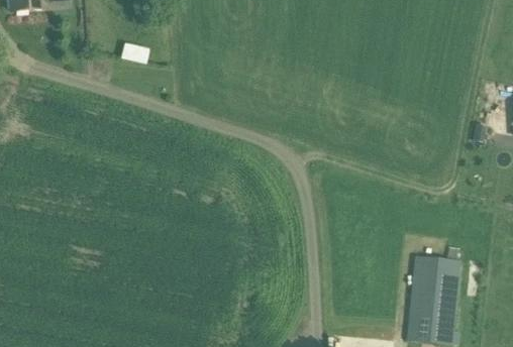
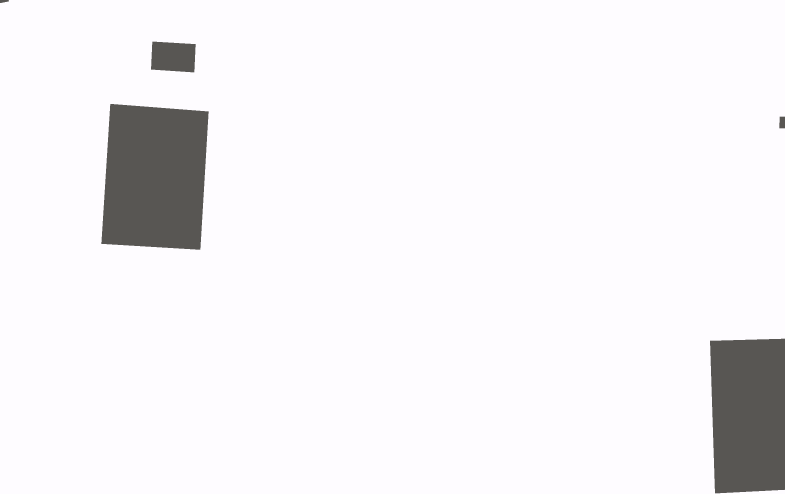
building: none -> [101,103,209,251]

